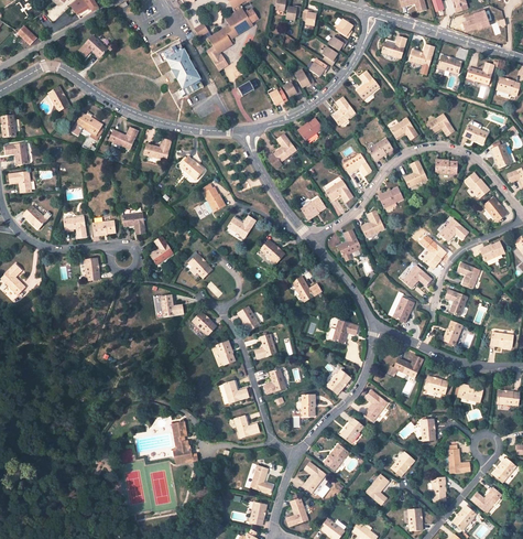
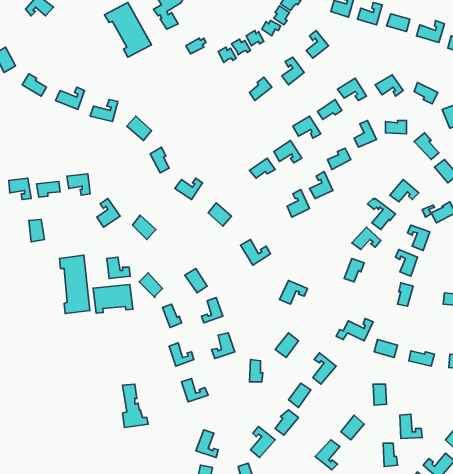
building: [266,132,296,168] -> none
building: none -> [59,255,90,314]
building: none -> [93,284,133,313]

